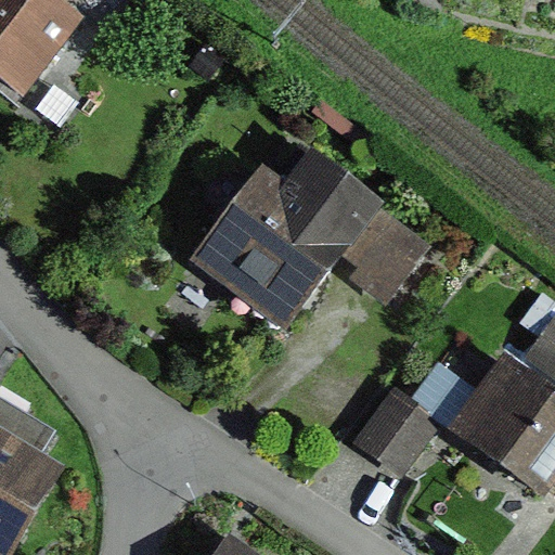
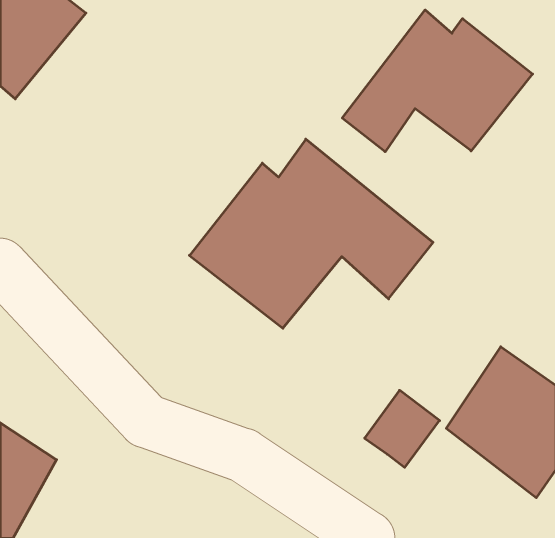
building: none -> [342,10,533,152]

